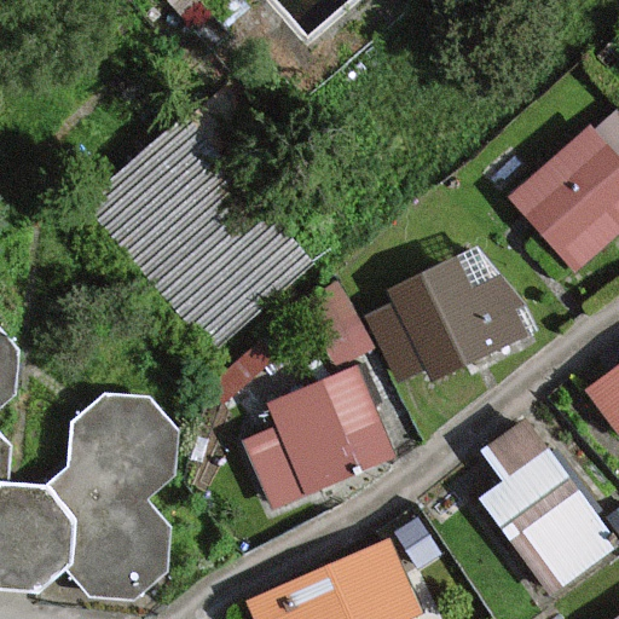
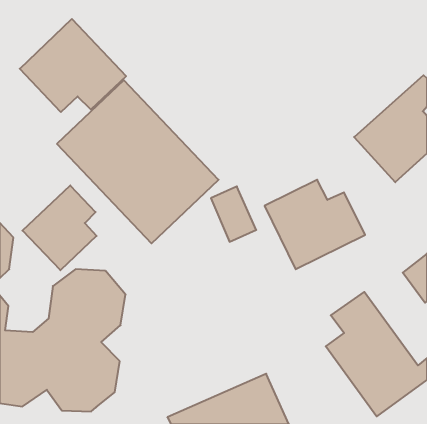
building: none -> [20,19,126,112]
building: none -> [22,185,97,270]
building: [245,372,394,509] -> none

